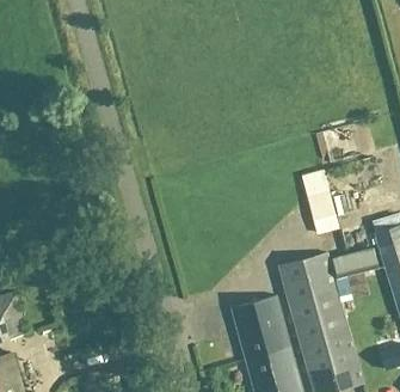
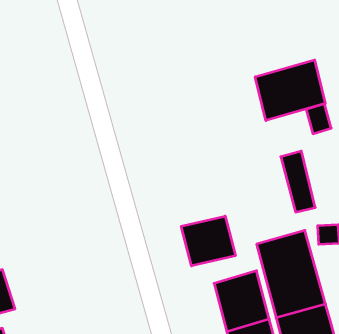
building: none -> [255,60,325,121]
building: none -> [181,216,235,266]

